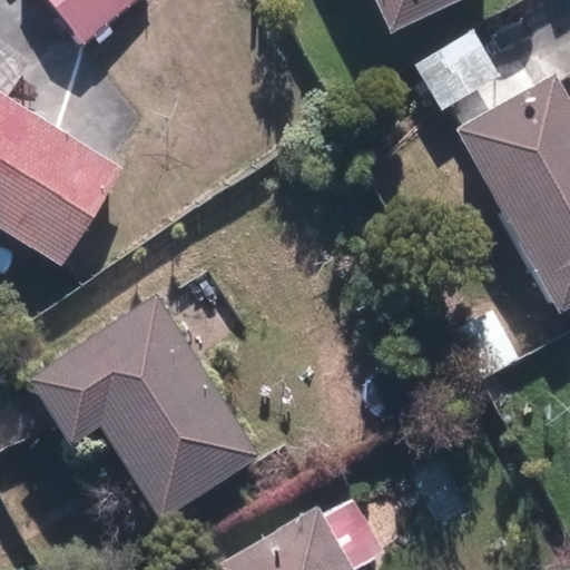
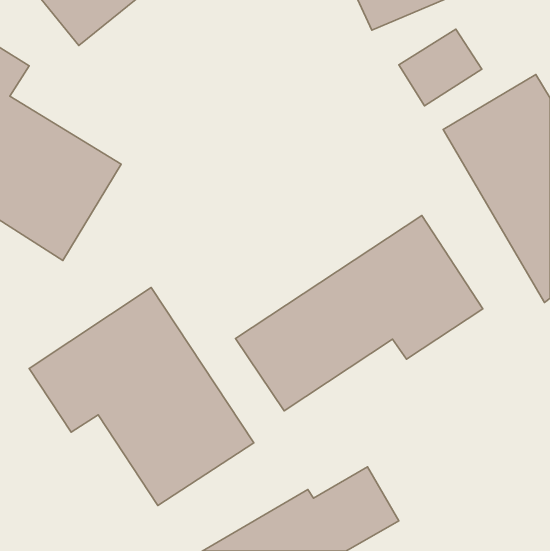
building: none -> [235,216,483,411]

